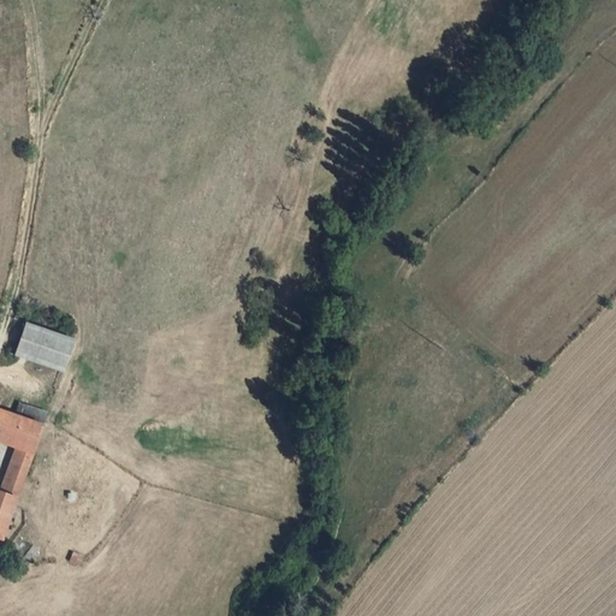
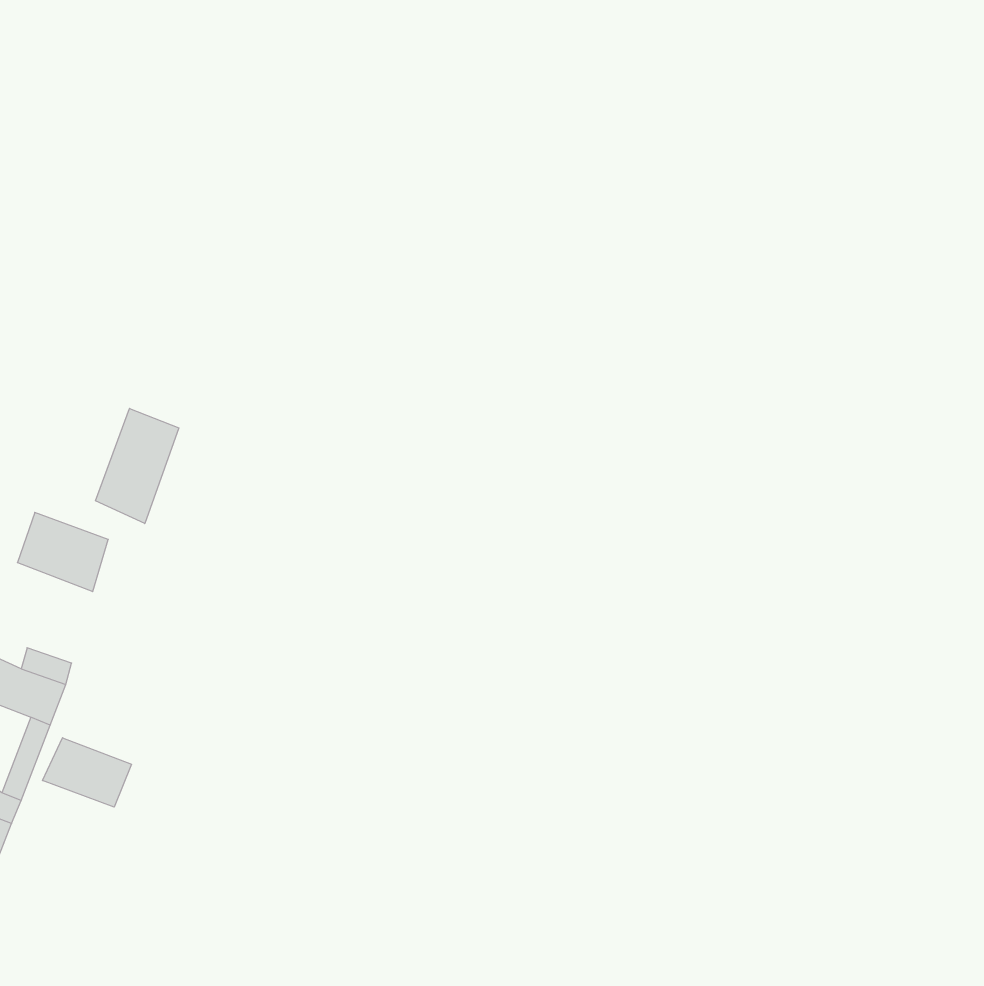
building: none -> [96,408,179,524]
building: none -> [43,738,132,807]

